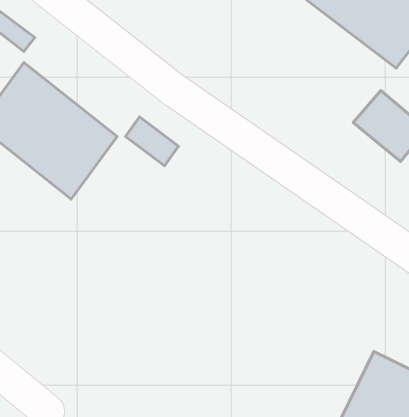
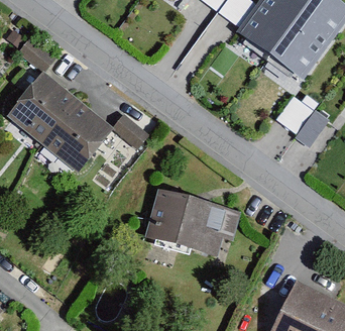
building: none -> [141,189,240,259]

